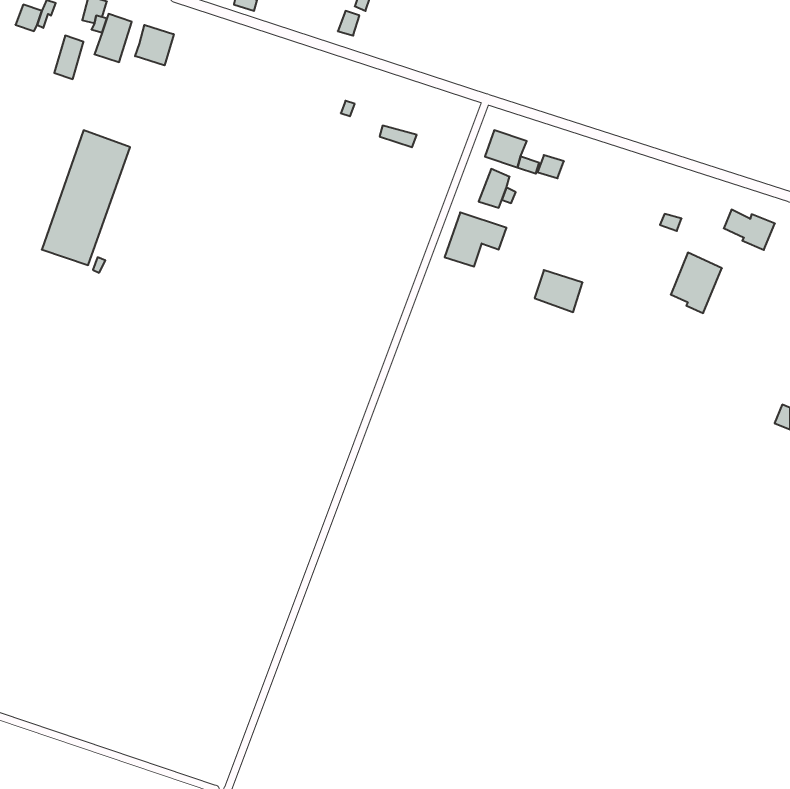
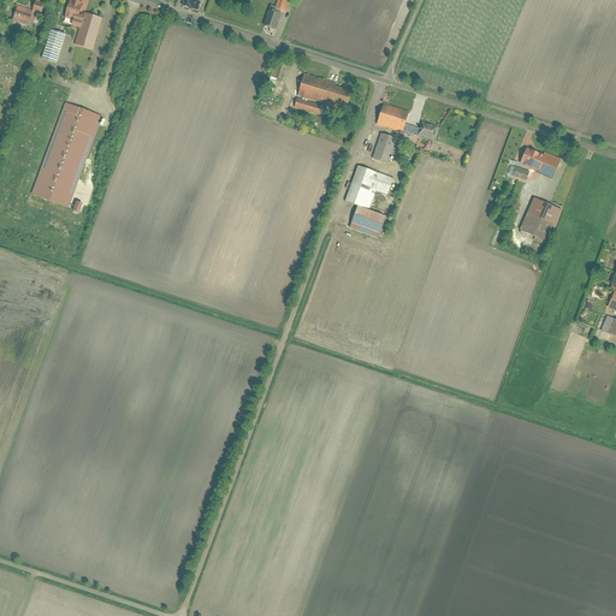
building: [135,25,174,65] -> none
building: none -> [297,72,351,107]
building: [724,210,775,250] -> [521,147,561,178]
building: [535,270,583,312] -> [350,205,387,237]

